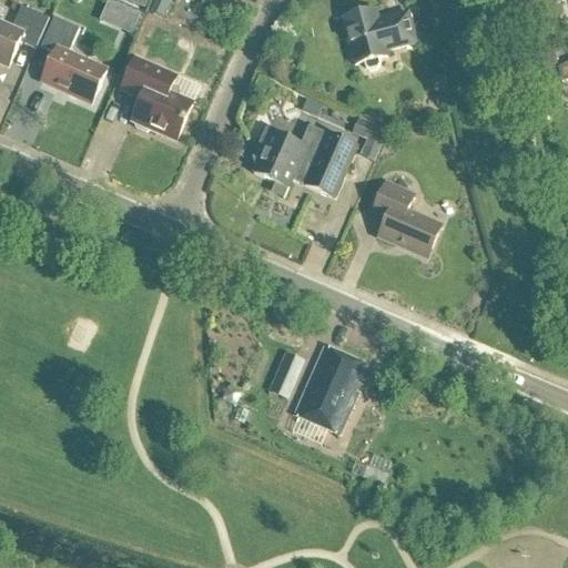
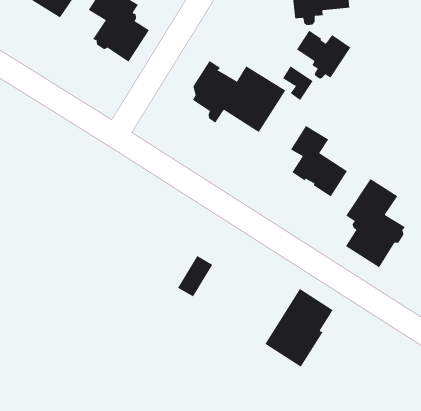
building: none -> [296,30,351,79]
building: none -> [345,178,406,268]
building: [293,344,365,433] -> [264,288,334,367]

